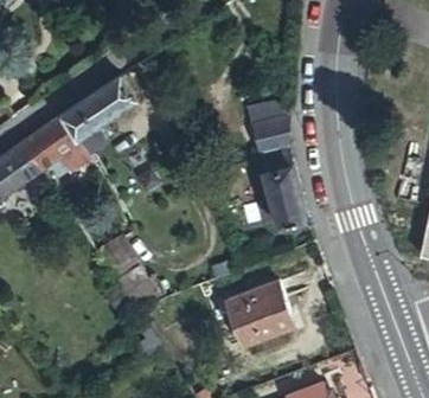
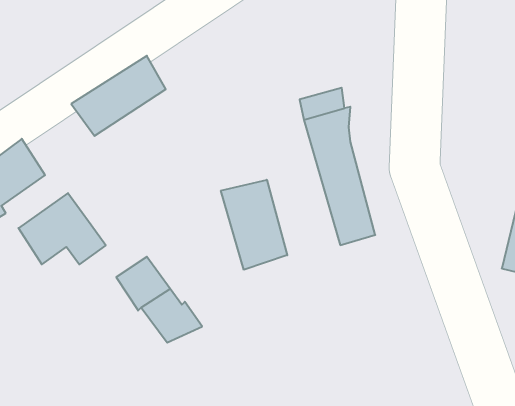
building: [23,116,94,174] -> [18,193,106,264]
building: none -> [221,180,287,270]
building: [229,284,299,348] -> none

